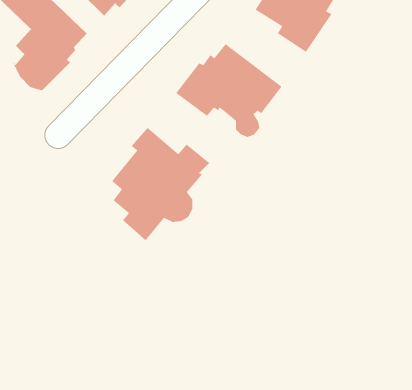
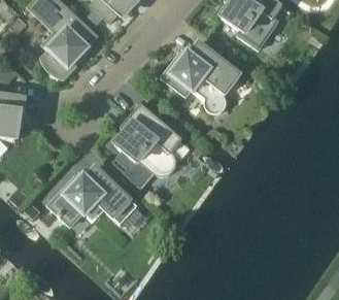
building: none -> [48,166,138,227]

